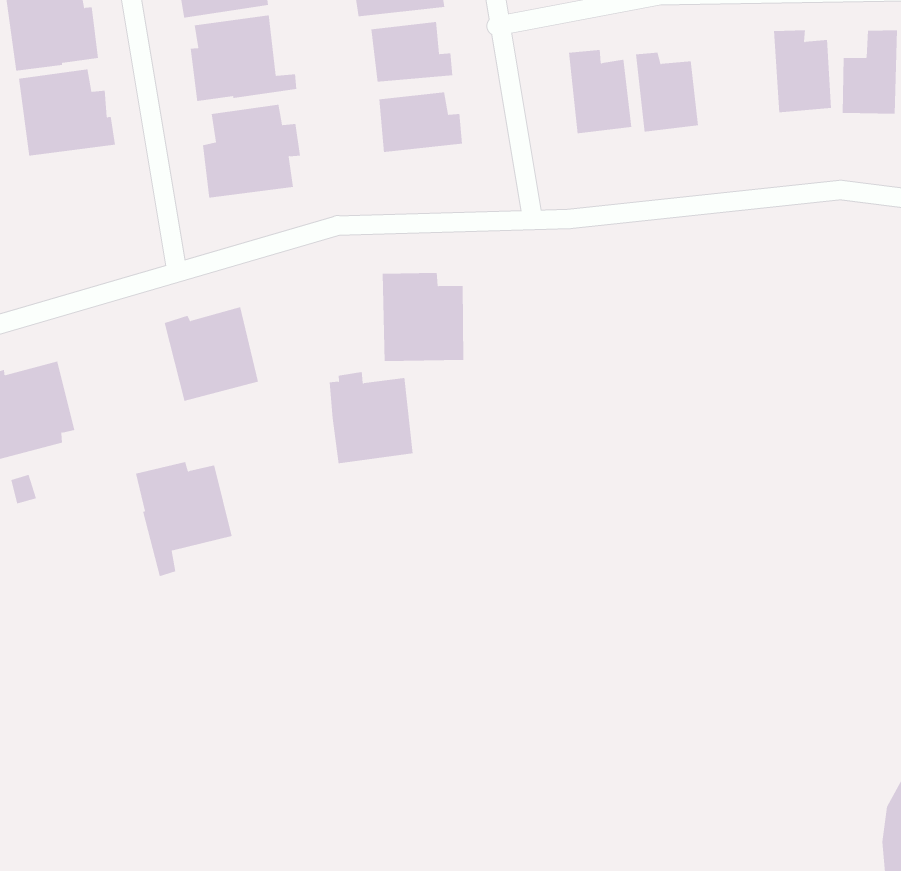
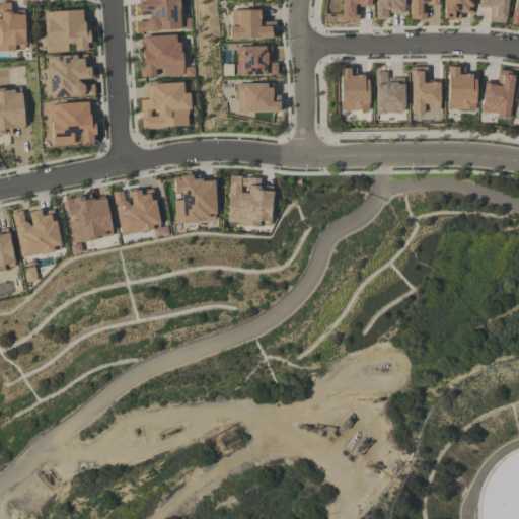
building: none -> [411,67,441,113]
building: none -> [52,102,97,144]
building: [329,372,414,464] -> [175,174,217,222]
building: [135,462,232,577] -> [66,195,115,254]

